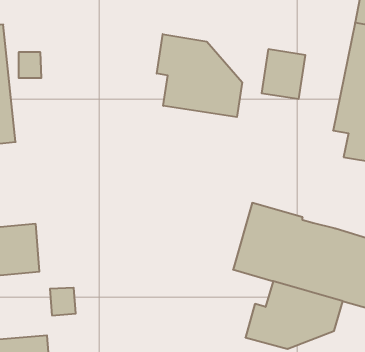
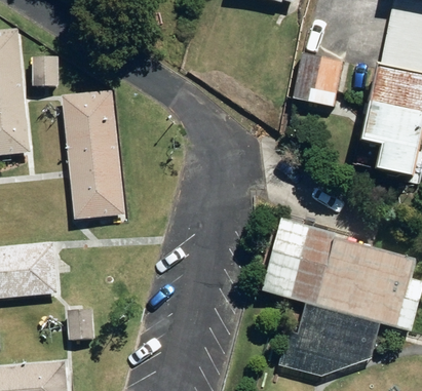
building: [157,34,242,117] -> none
building: none -> [61,89,122,220]

